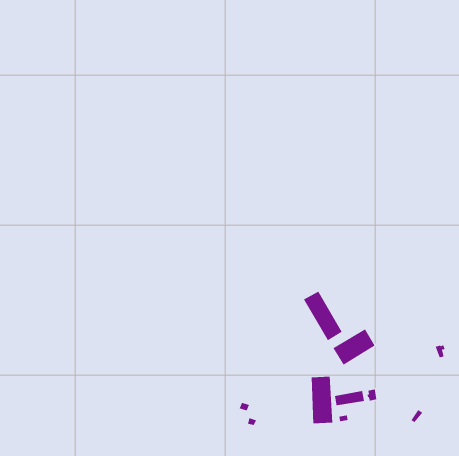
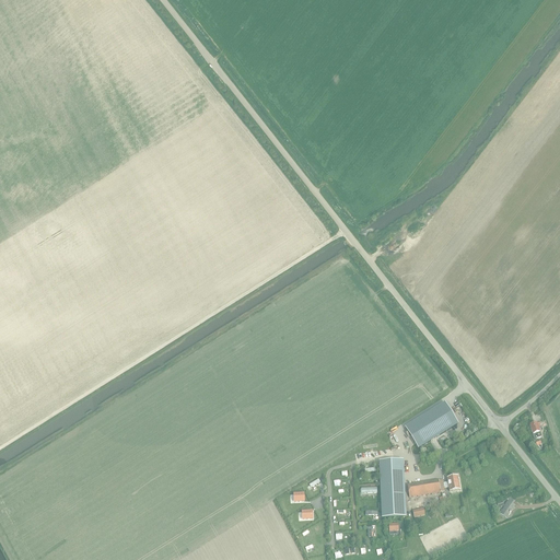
building: [303,291,343,341] -> none

